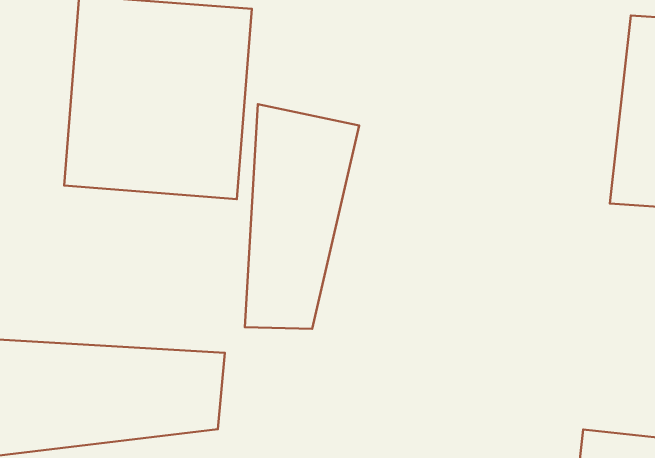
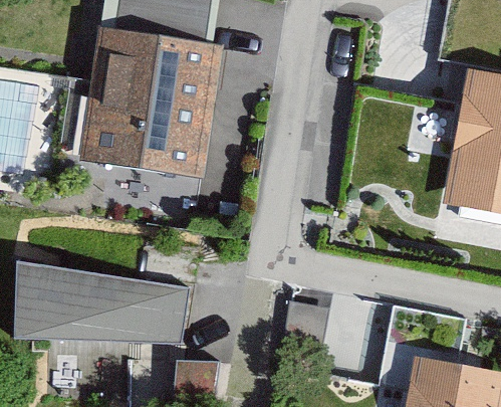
building: [245,104,359,329] -> none

